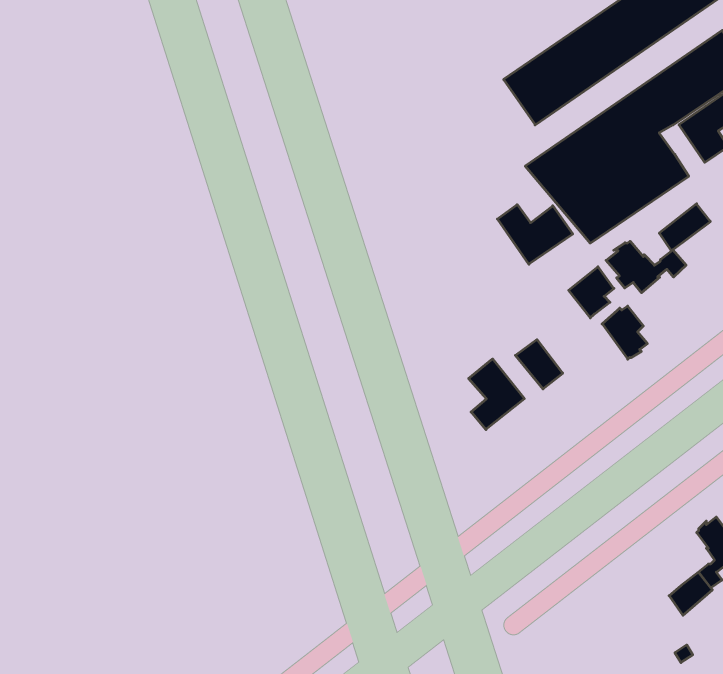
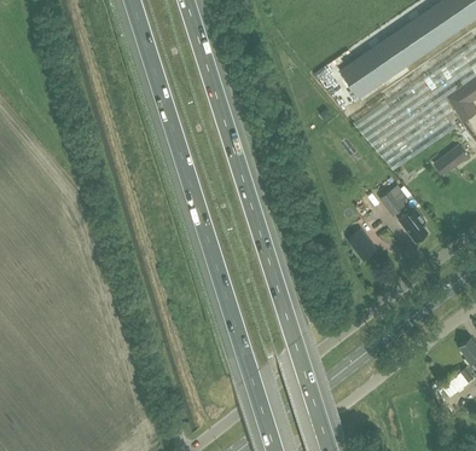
building: [497,205,573,264] -> none
building: [606,241,686,293] -> none
building: [469,359,524,430] -> none

